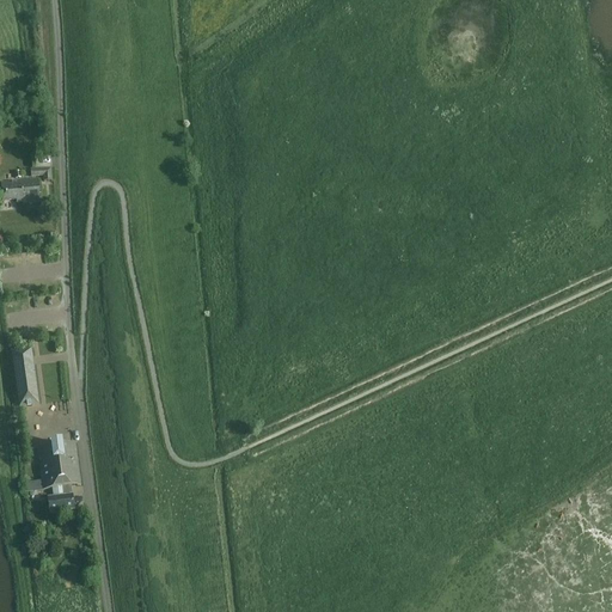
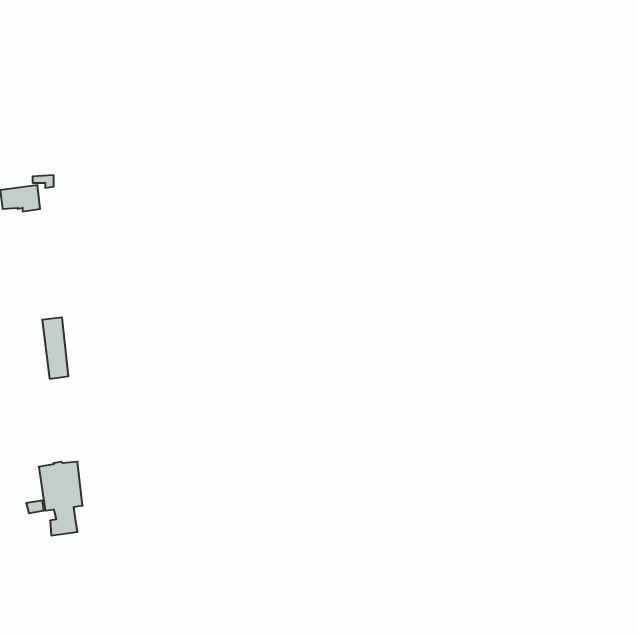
building: [11,347,36,405] -> [42,317,68,379]

